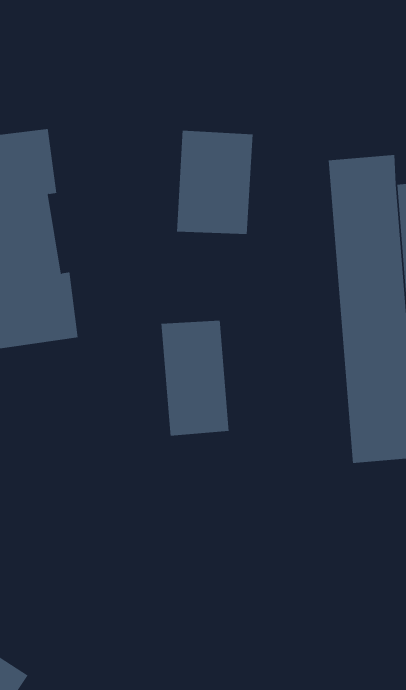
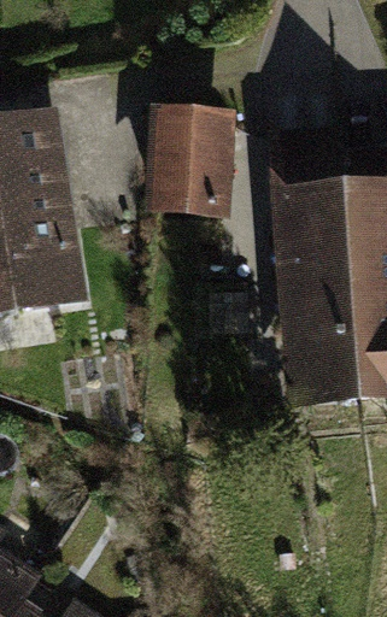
building: [161,320,229,437] -> none

